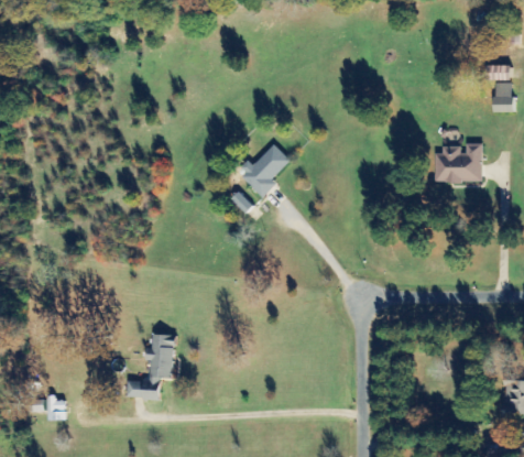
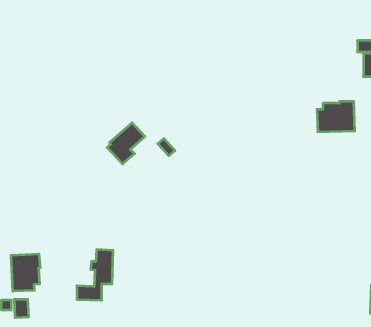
building: [241,143,290,196] -> [107,123,145,164]
building: none -> [11,254,40,291]

